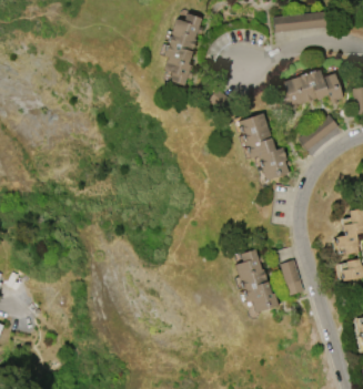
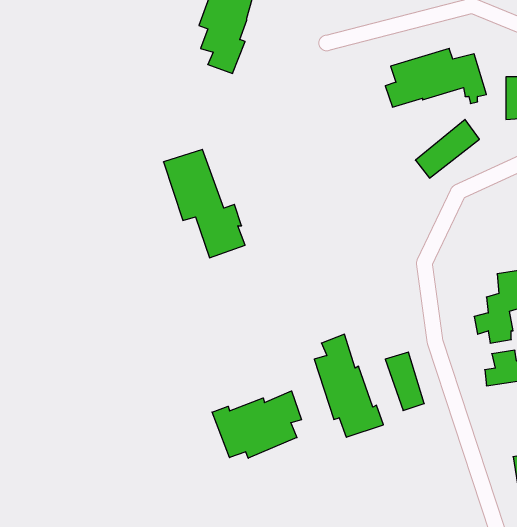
building: [236,113,288,181] -> [163,149,245,258]
building: none -> [212,391,302,458]

